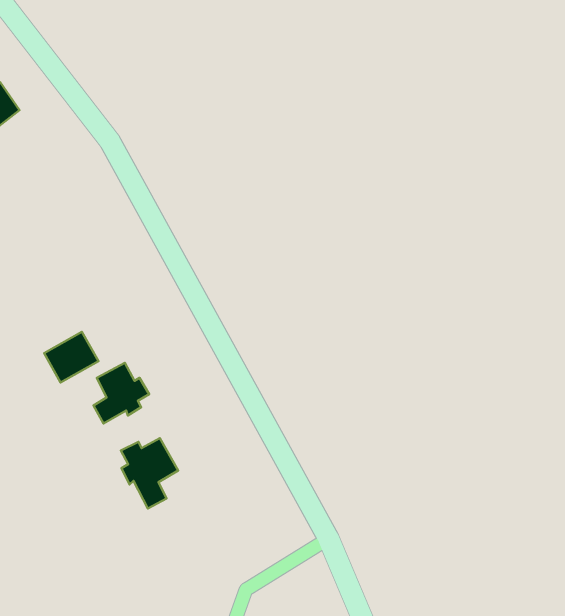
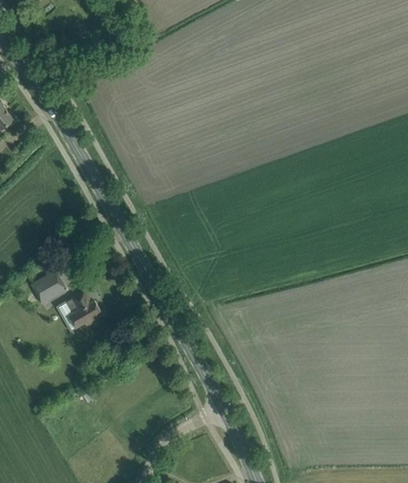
building: [121,438,178,509] -> none

